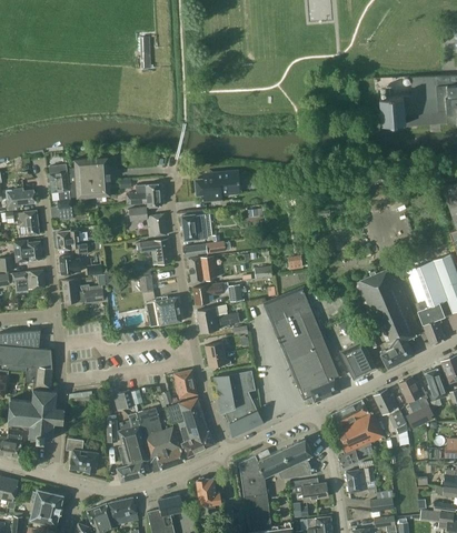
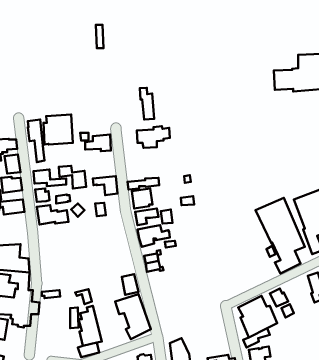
building: none -> [140,88,154,120]
building: [129,207,166,237] -> [59,166,86,188]
building: [181,214,207,240] -> none
building: [262,285,341,402] -> none
building: [155,296,181,325] -> none
building: [338,340,376,380] -> none
building: [213,370,262,435] -> none
building: [398,376,433,423] -> none
building: [137,406,185,471] -> none
building: [66,438,98,471] -> none
building: [257,438,311,477] -> none

